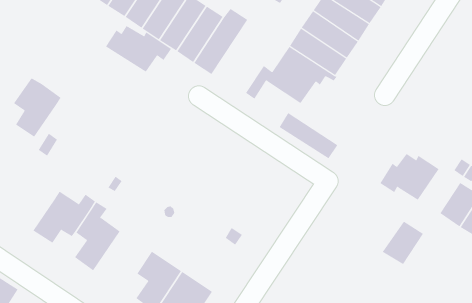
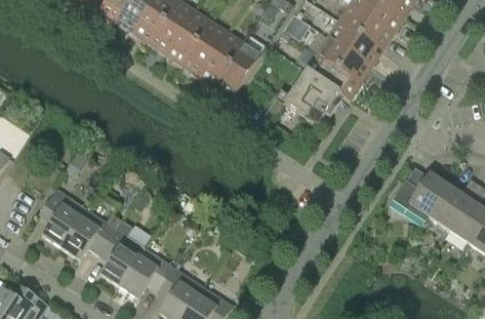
building: [105,25,172,73] -> none
building: [13,77,61,138] -> [40,189,86,246]
building: [279,112,338,159] -> none
building: [382,221,424,265] -> [429,188,469,230]
building: none -> [119,247,174,297]

